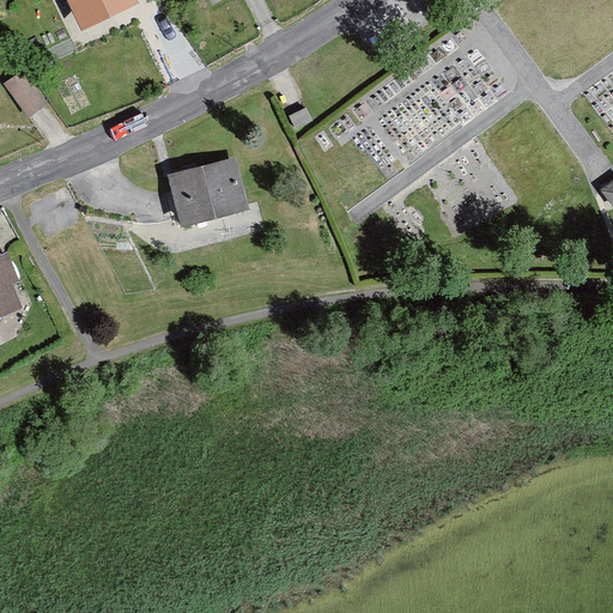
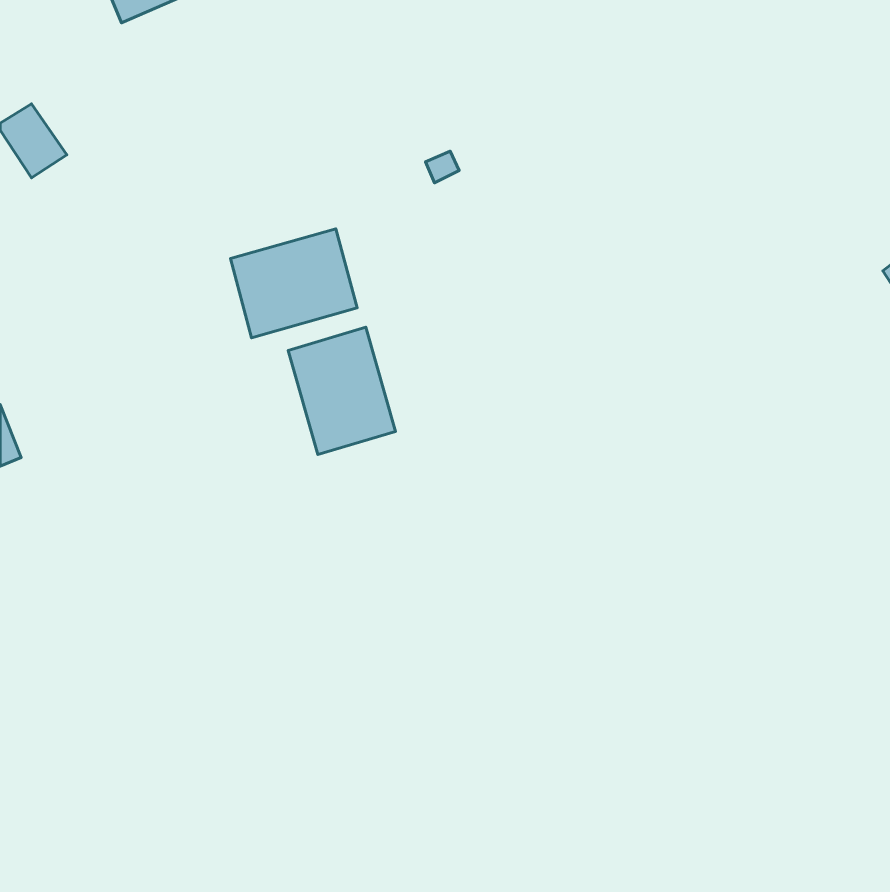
building: none -> [288,327,395,455]

